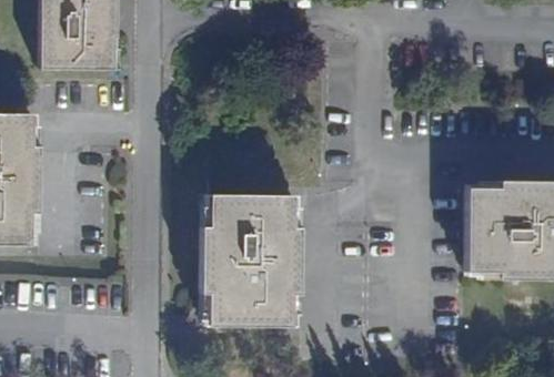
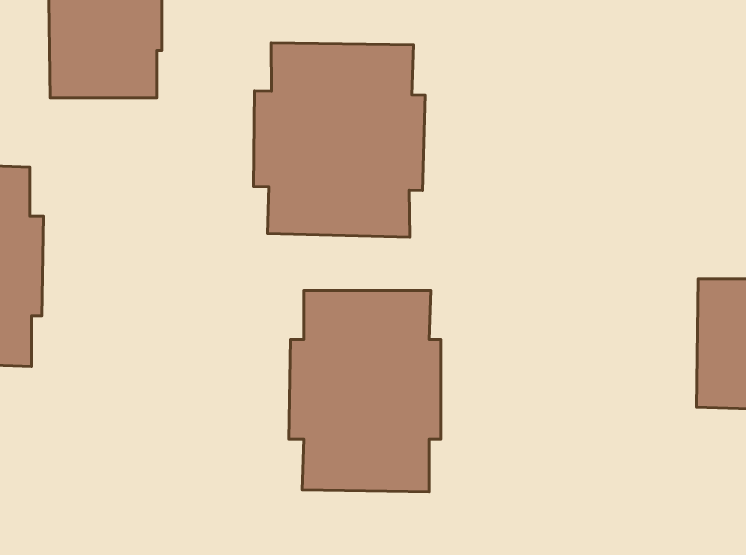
building: none -> [254,43,425,237]

